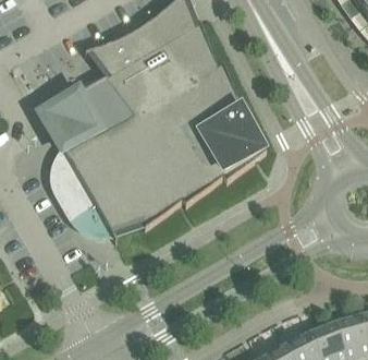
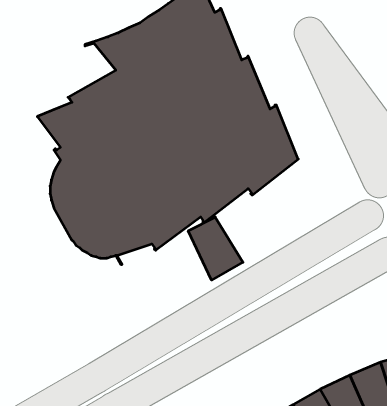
building: none -> [188,217,243,280]

